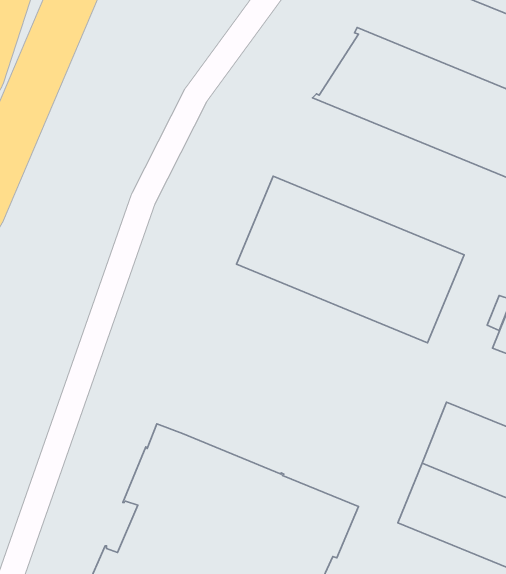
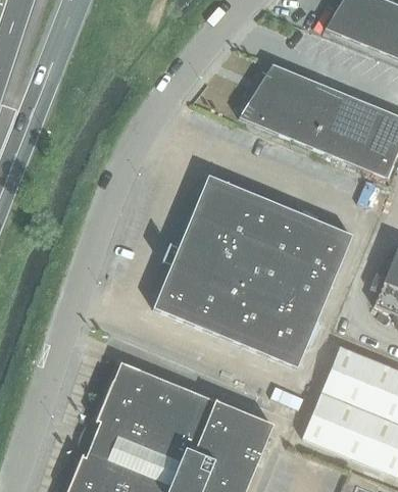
building: none -> [153,242,325,367]

